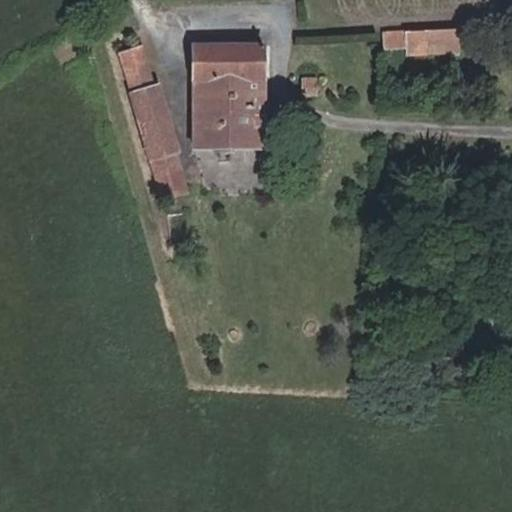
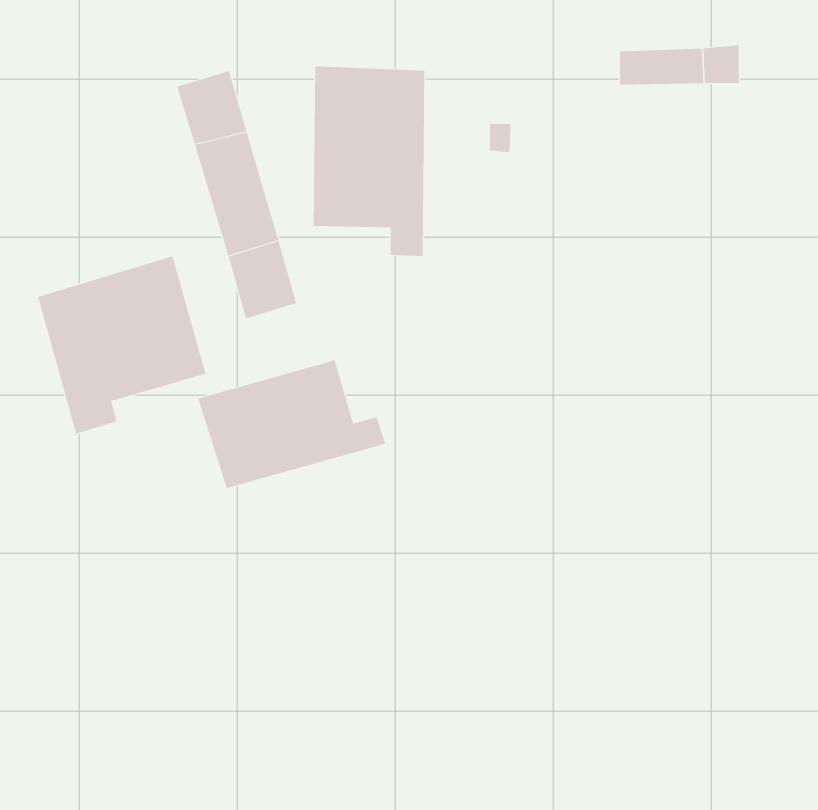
building: none -> [37,255,206,435]
building: none -> [198,359,386,489]

